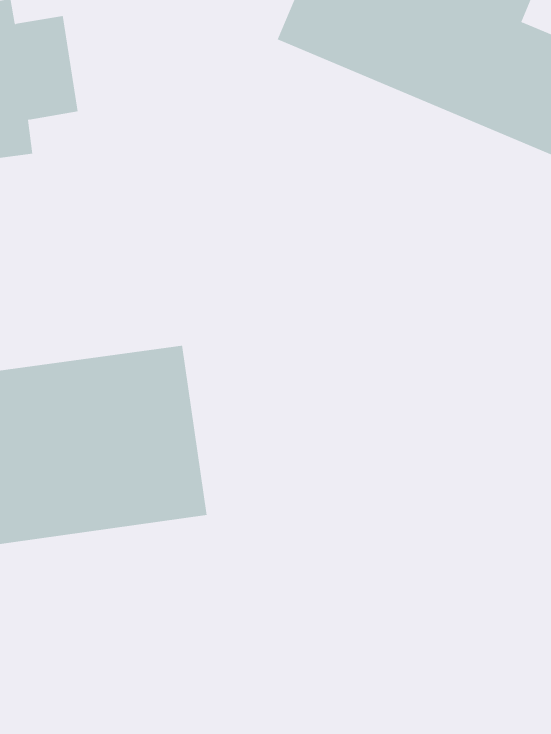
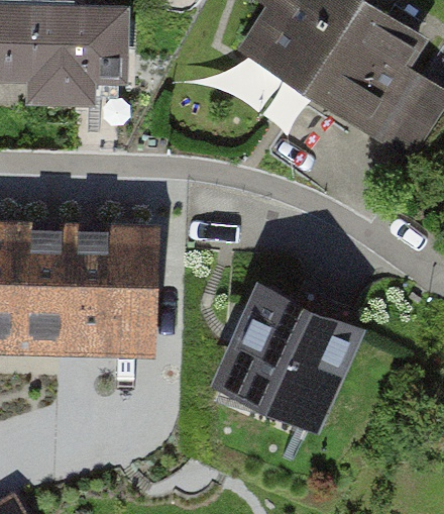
building: none -> [231,296,354,415]

